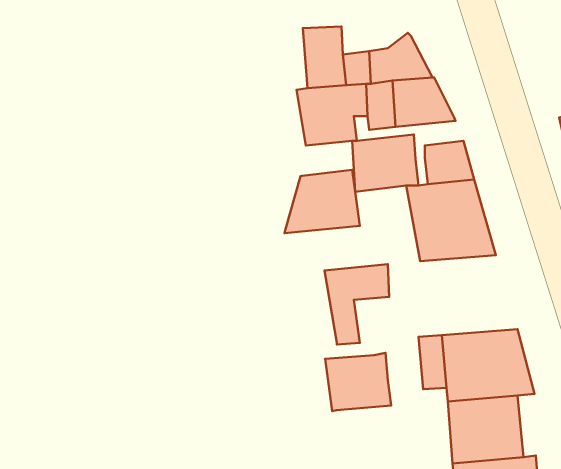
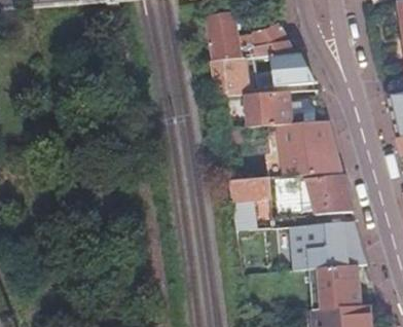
building: [284,170,360,233] -> none
building: none -> [304,177,352,214]
building: [325,353,391,411] -> none

